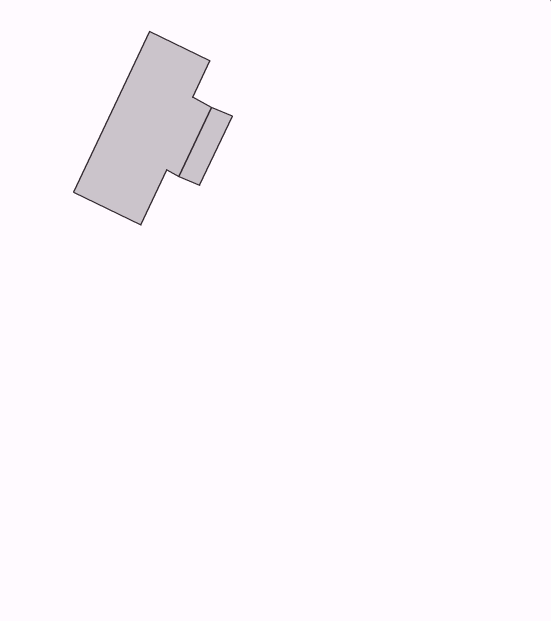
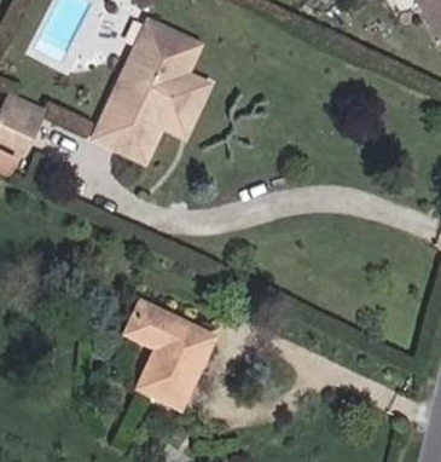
building: none -> [127,305,210,406]

